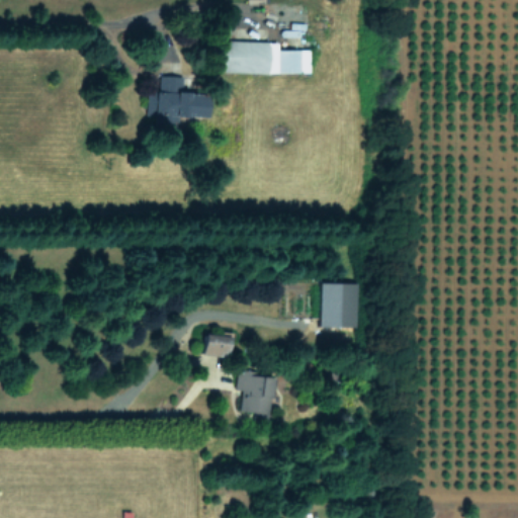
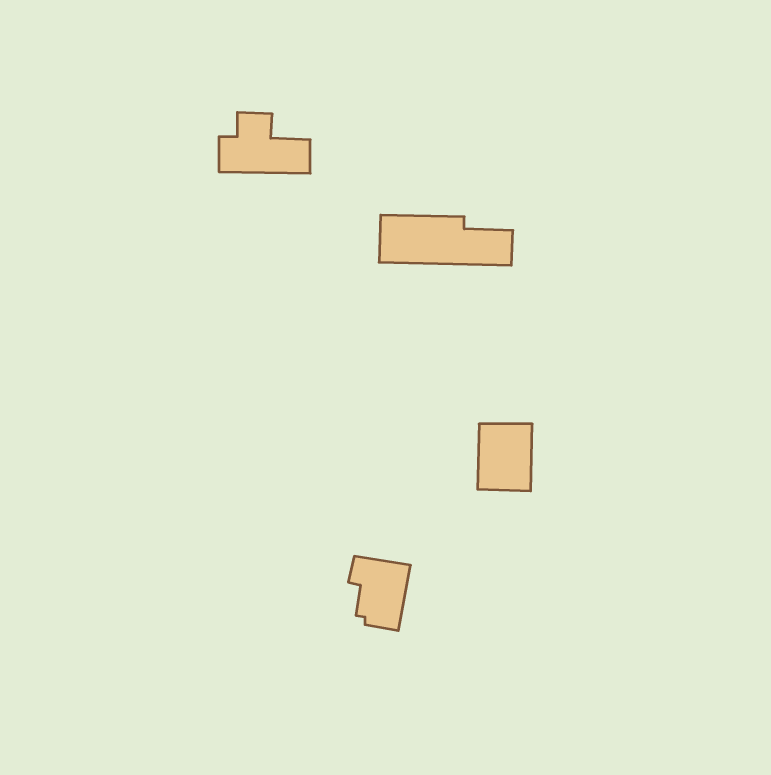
building: [224,40,313,74] -> [379,215,513,265]
building: [204,334,233,358] -> none

